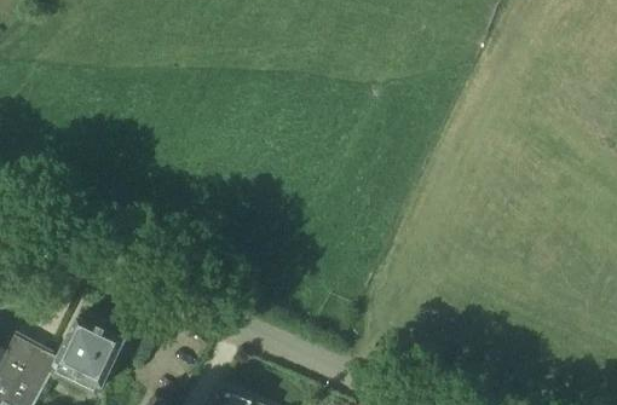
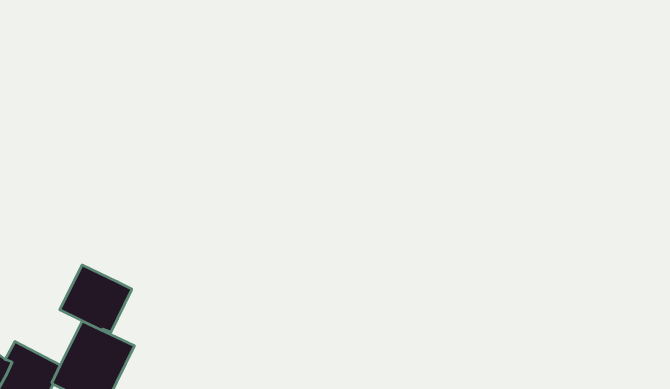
building: none -> [60,265,132,332]

